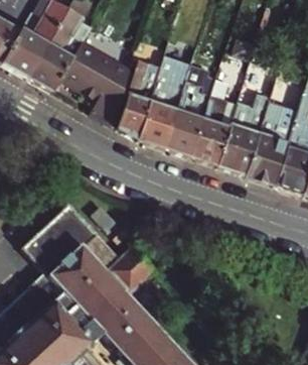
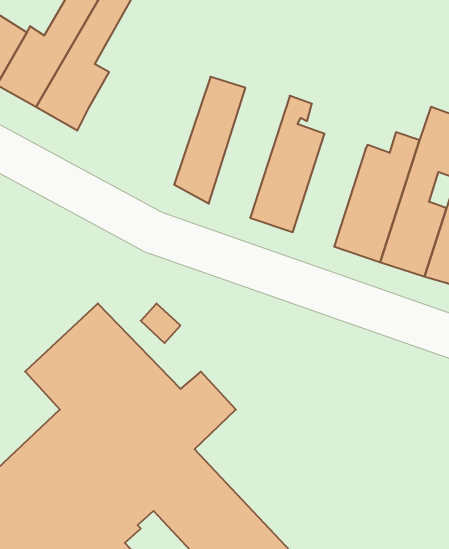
building: [62,40,133,127] -> none
building: [139,64,190,149] -> none
building: [192,81,239,167] -> none

